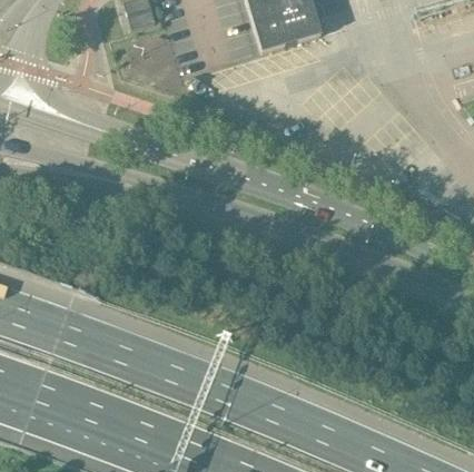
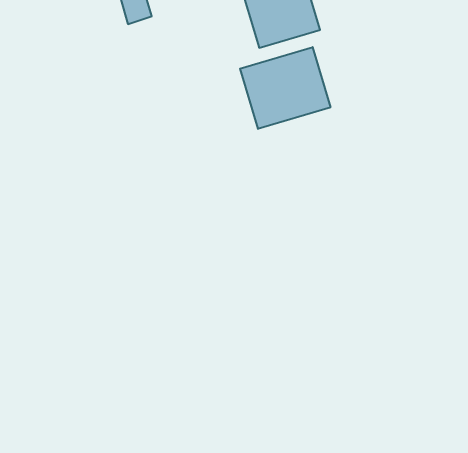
building: none -> [240,47,330,129]

